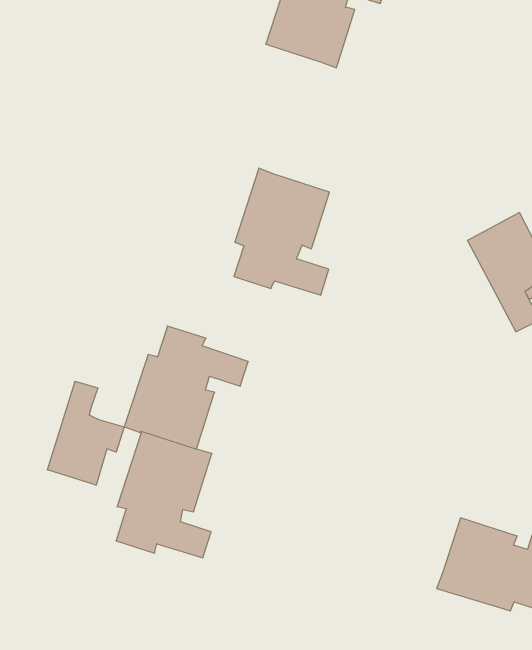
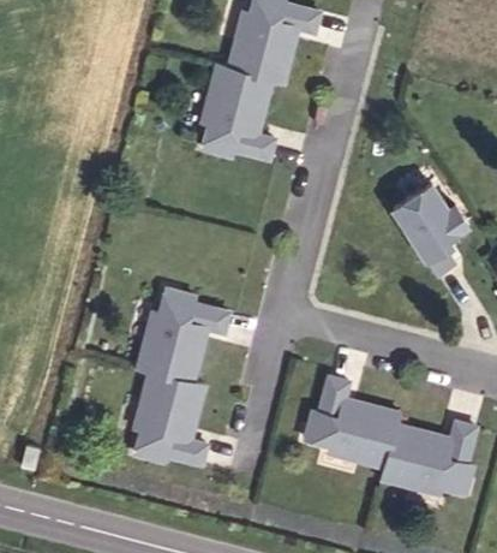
building: [234,168,329,295] -> [199,66,273,160]
building: [47,381,124,485] -> none
building: none -> [309,375,402,465]

